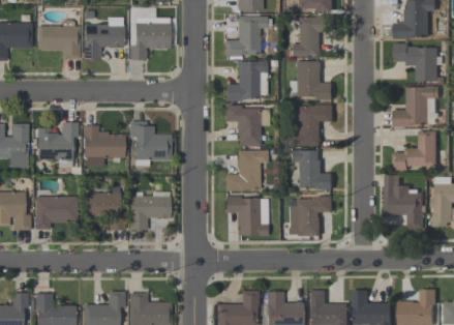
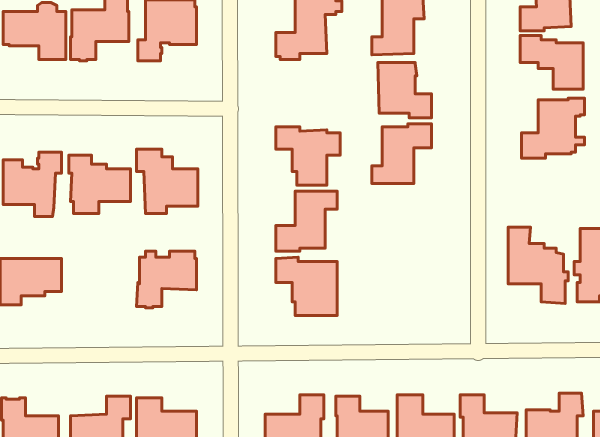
building: [225,60,267,101] -> none
building: [394,131,437,170] -> none
building: [291,149,333,189] -> none
building: [86,186,126,230] -> none
building: [290,196,333,236] -> none

